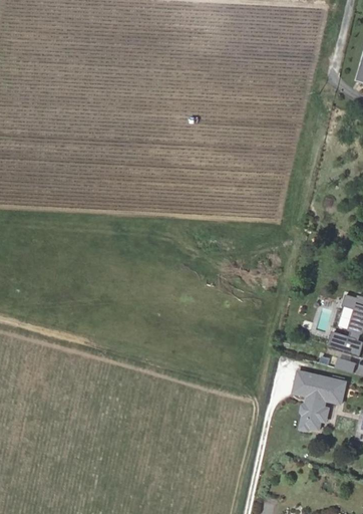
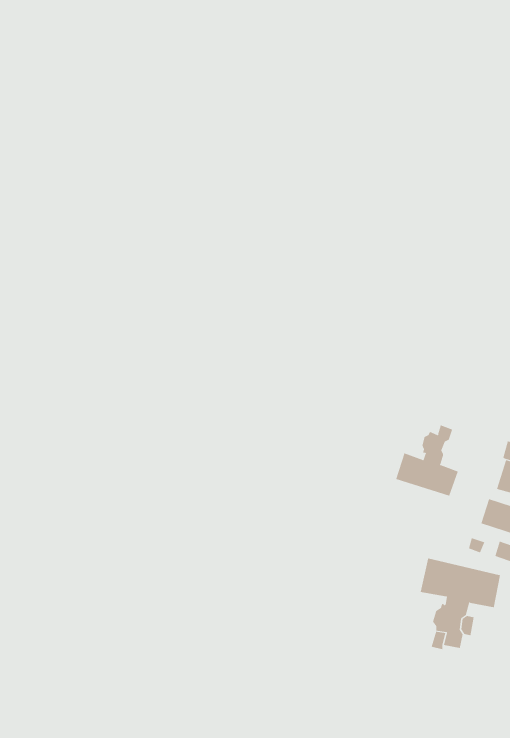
building: none -> [395,425,459,497]

